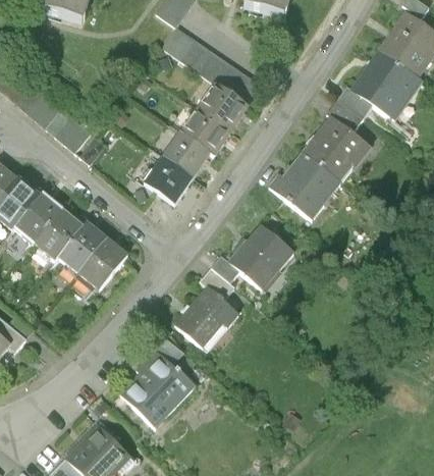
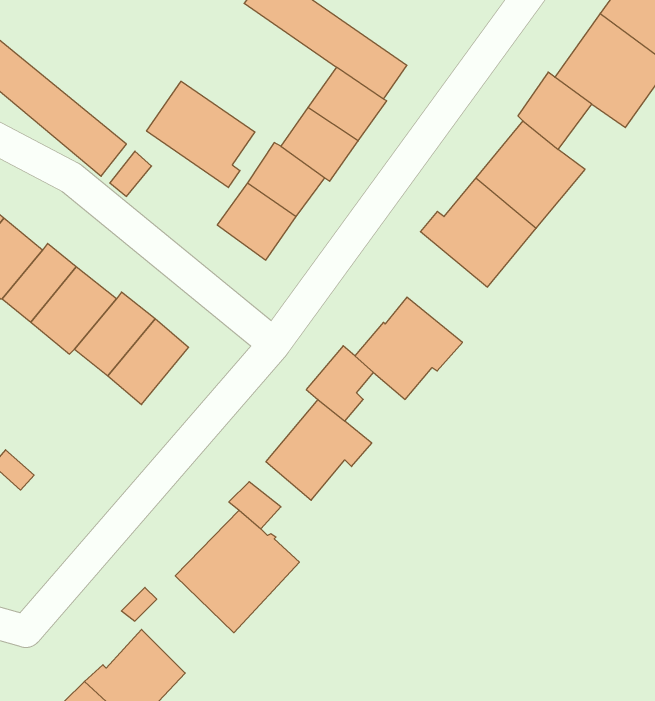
building: none -> [147,81,255,188]

